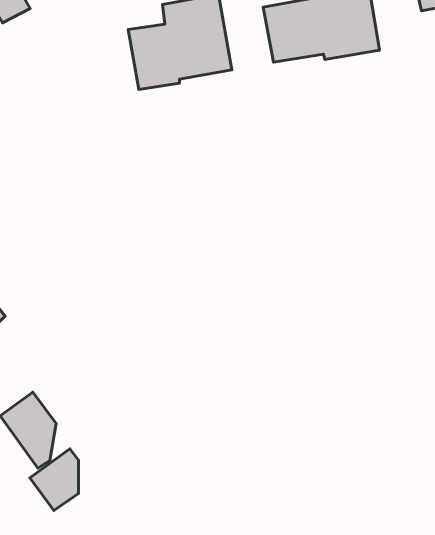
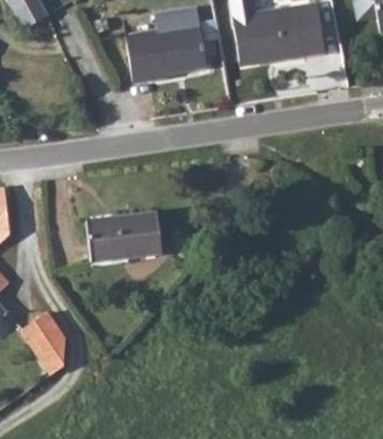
building: none -> [86,214,160,263]
building: [30,449,78,511] -> none

